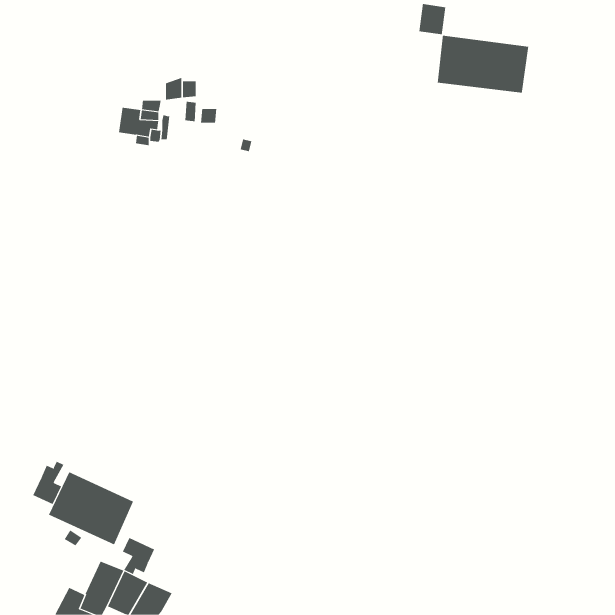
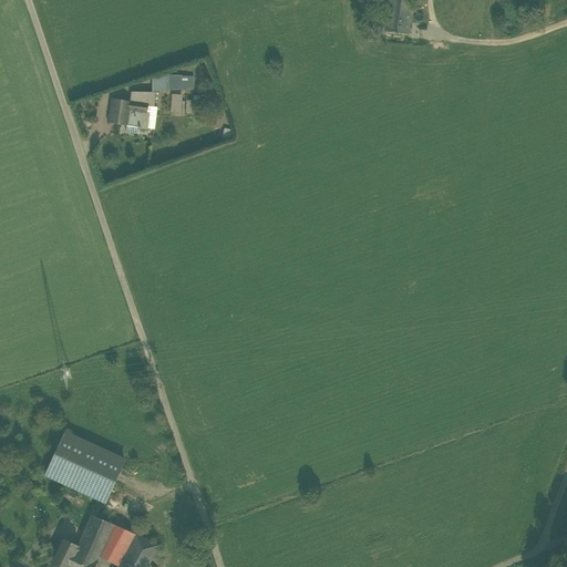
building: [437,35,529,94] -> none
building: [33,461,64,505] -> none
building: [122,537,155,575] -> none

